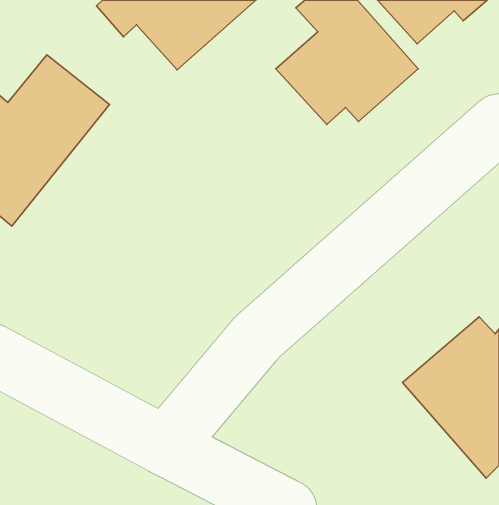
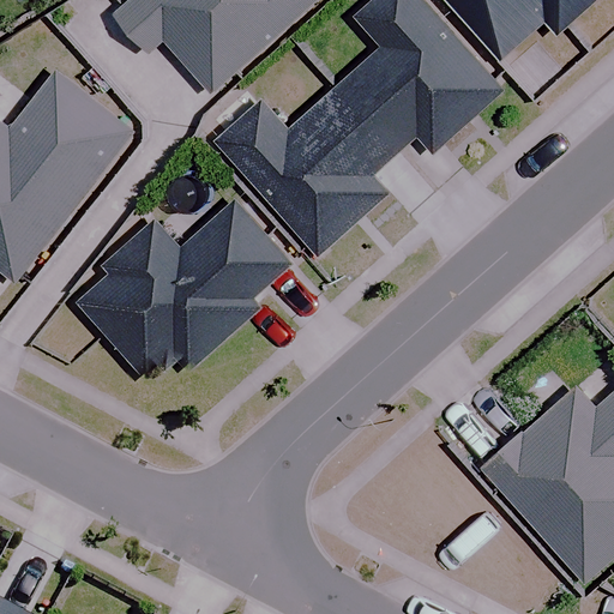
building: none -> [217,88,393,255]
building: none -> [78,199,290,378]

